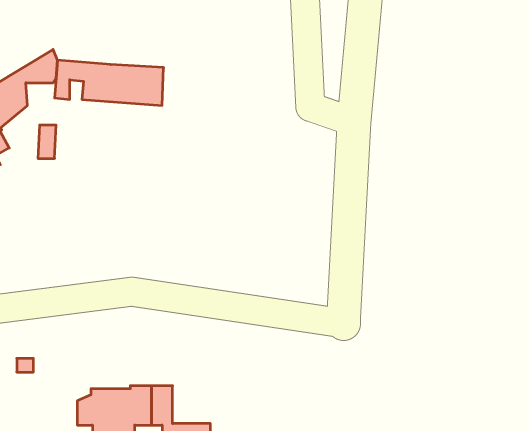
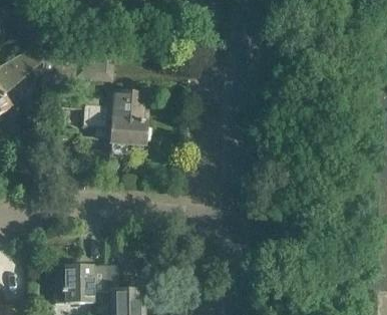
building: none -> [83,90,148,149]

